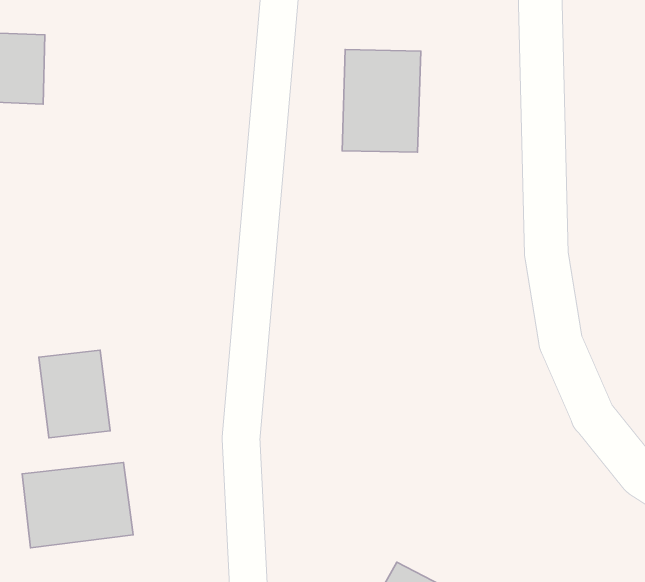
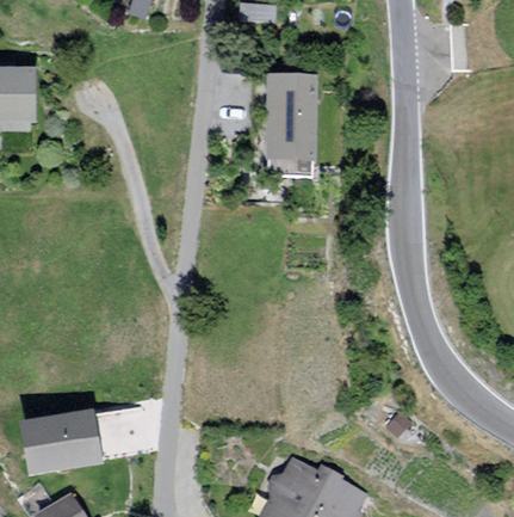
building: [39,350,110,438] -> none

